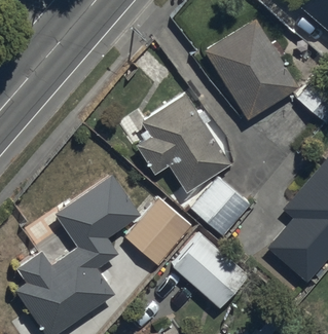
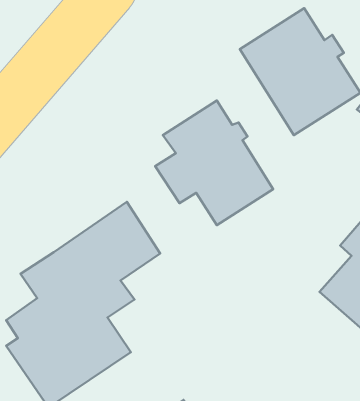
building: [194,176,255,235] -> none
building: [124,199,192,268] -> none
building: [175,235,248,307] -> none

